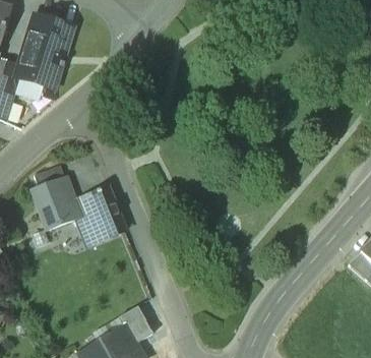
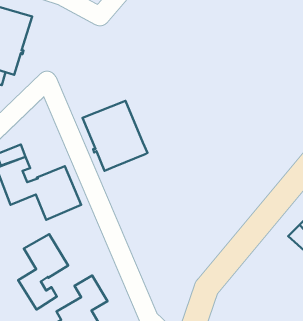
building: none -> [83,101,147,171]
building: none -> [18,234,68,309]

